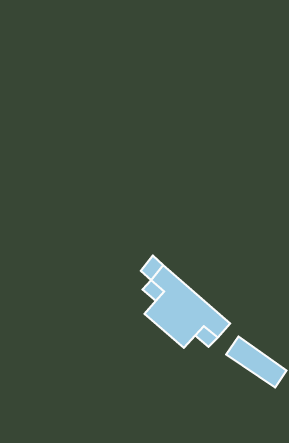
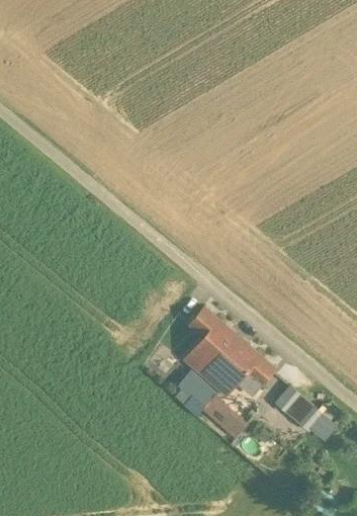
building: none -> [181,372,246,432]

